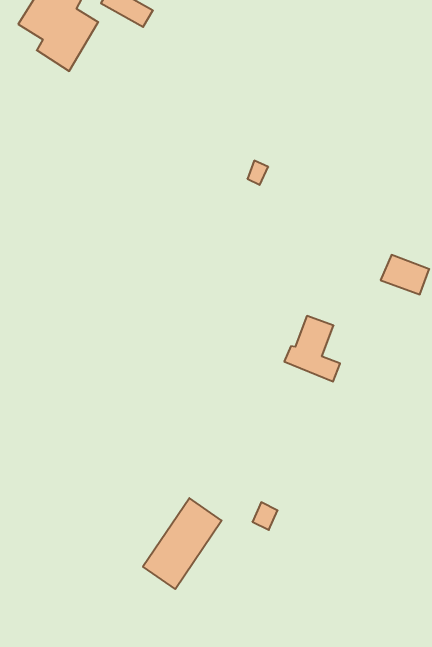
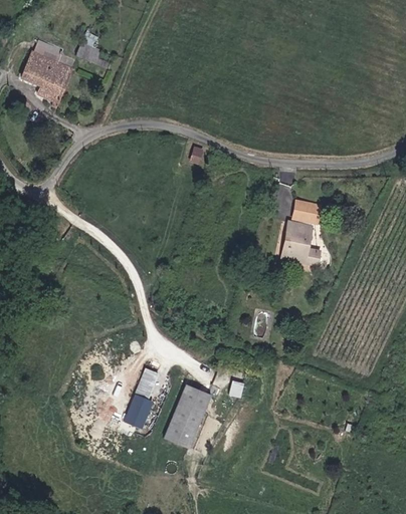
building: [284,316,340,382] -> [282,225,321,267]
building: none -> [122,366,161,424]

